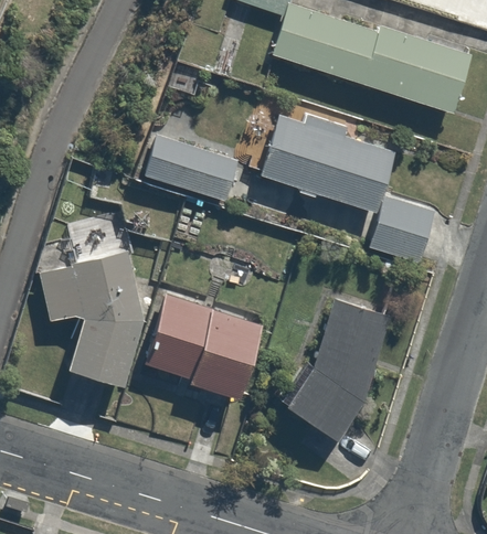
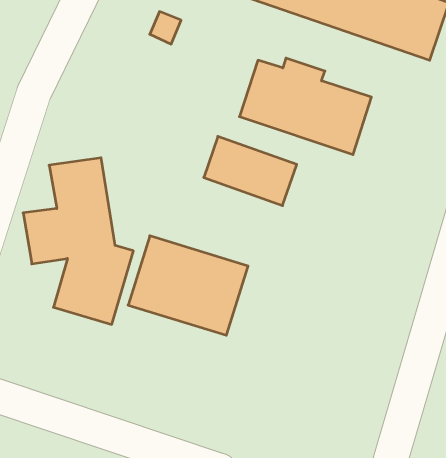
building: [142,132,237,203] -> [204,136,297,206]
building: [367,194,436,268] -> none
building: [278,300,388,439] -> none

